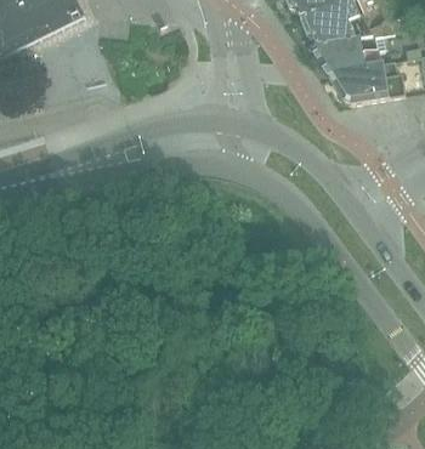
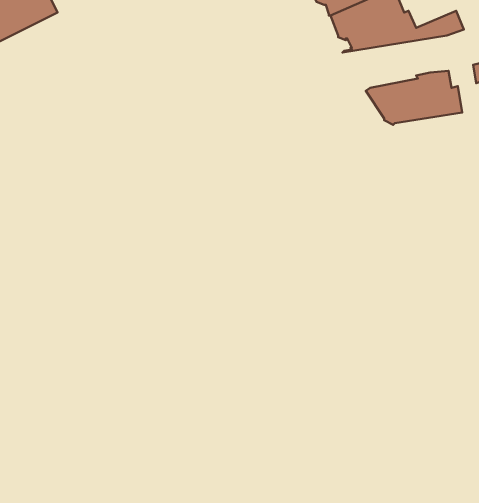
building: [308,34,378,75] -> none

